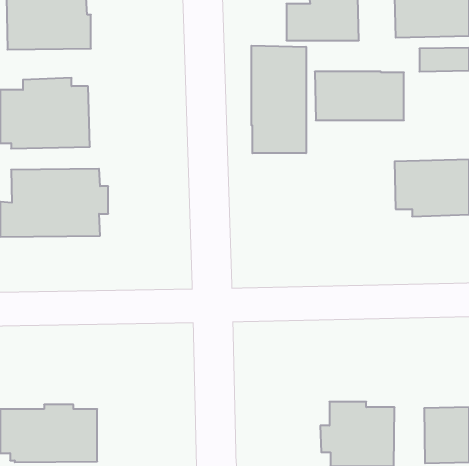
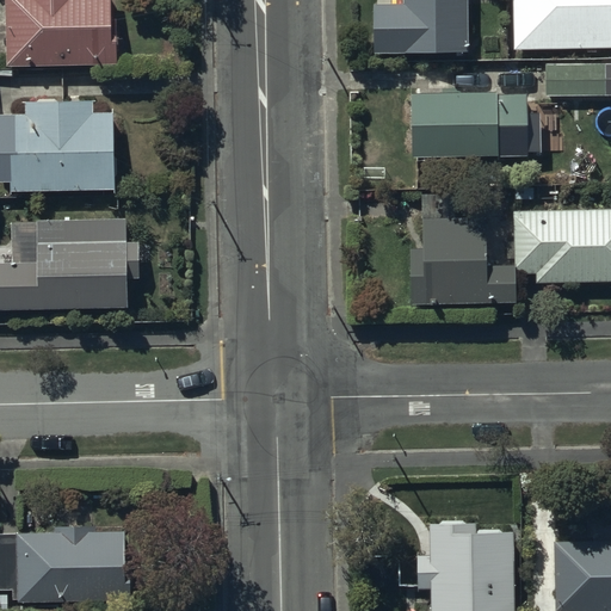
building: [251,46,306,153] -> none
building: none -> [409,216,513,315]

